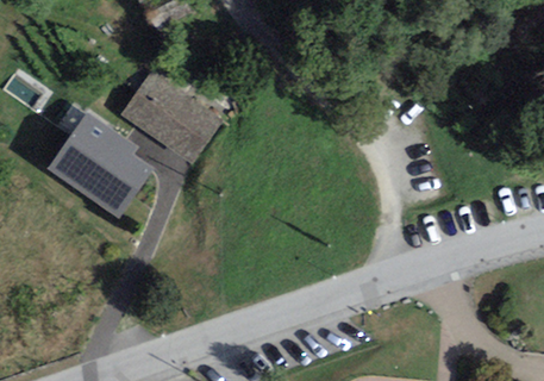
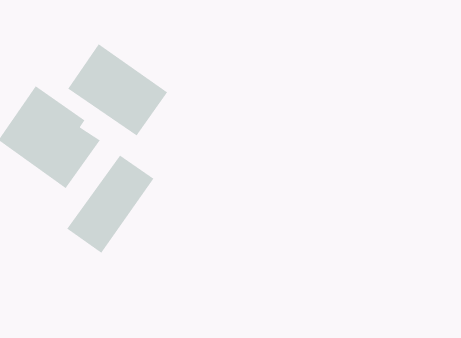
building: none -> [66,154,155,254]

